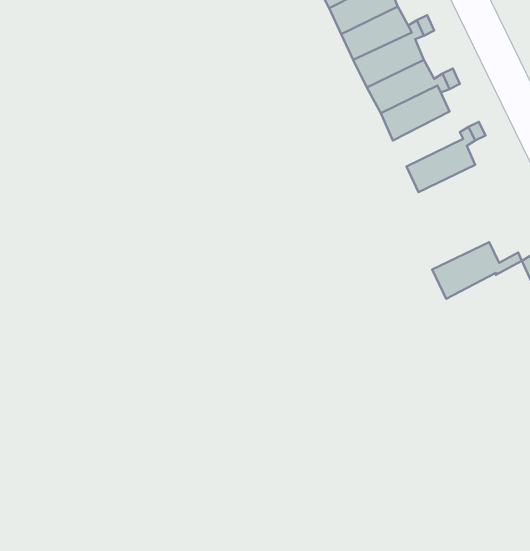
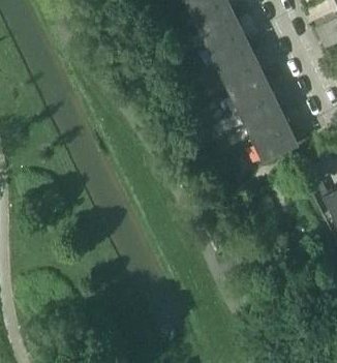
building: none -> [239,95,281,128]
building: [432,242,522,299] -> [254,127,308,161]

